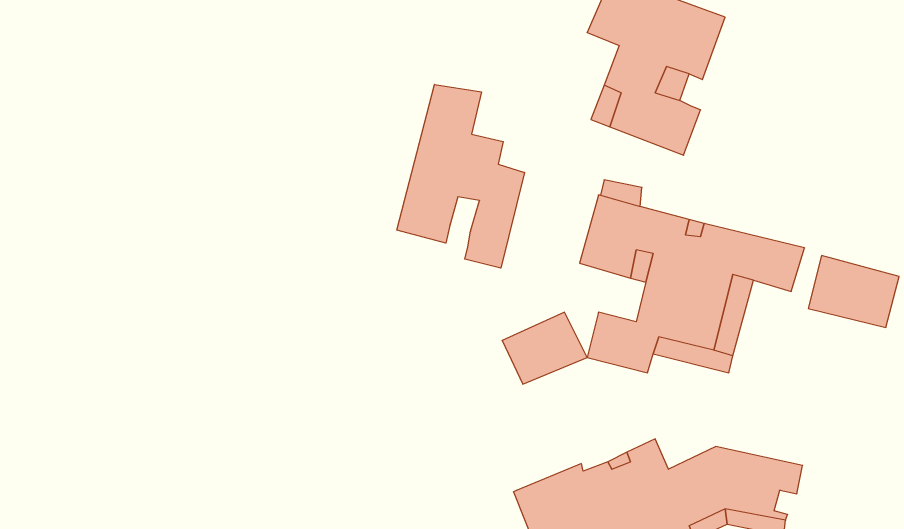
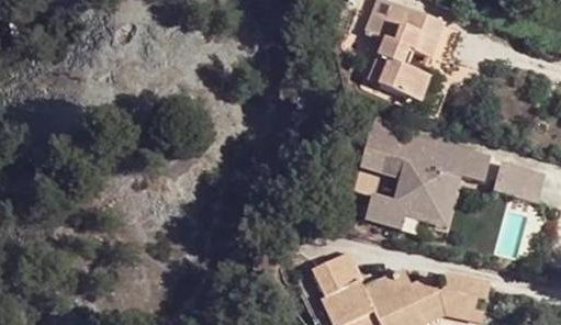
building: [397,84,525,268] -> none
building: [502,312,587,384] -> [312,256,361,298]

